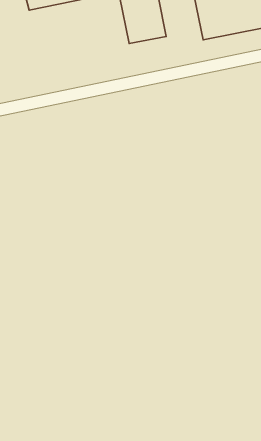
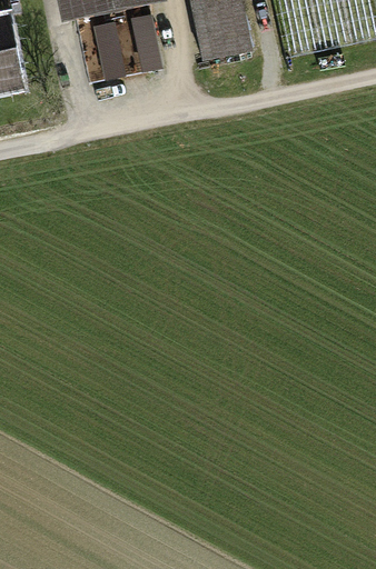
building: none -> [99,14,166,77]

